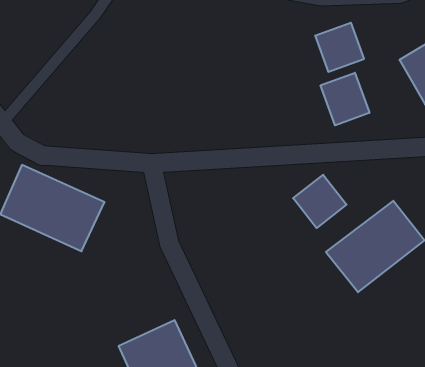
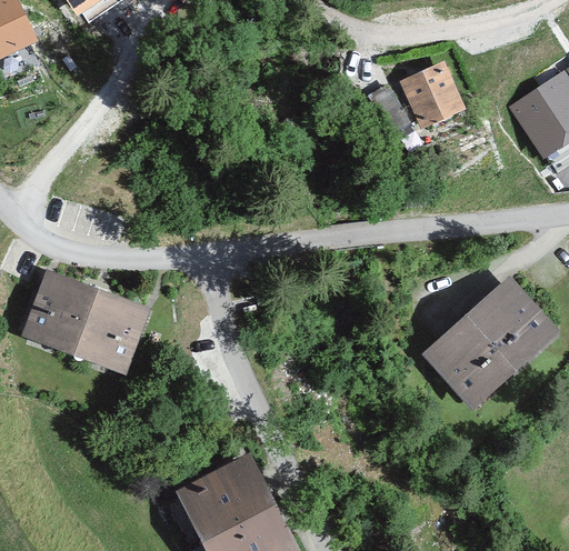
building: [321,73,369,125] -> none
building: [293,175,347,228] -> none

